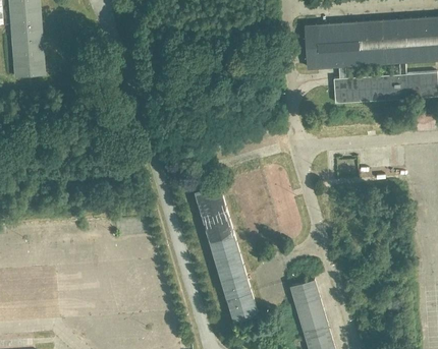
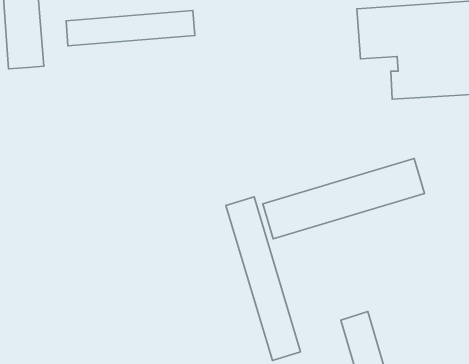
building: none -> [66,10,195,46]
building: none -> [263,158,425,239]

